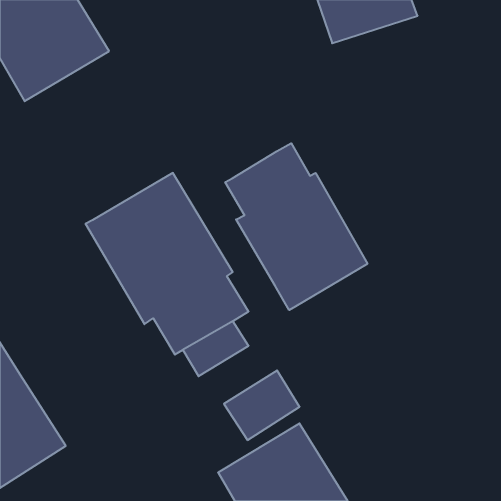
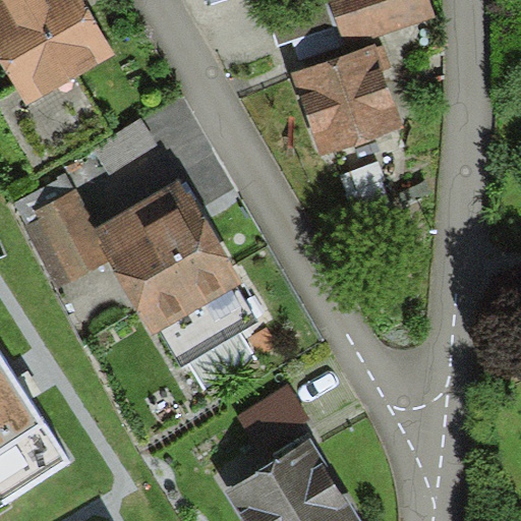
building: none -> [291,41,406,157]
building: [225,143,367,310] -> none
building: none -> [10,172,105,286]

